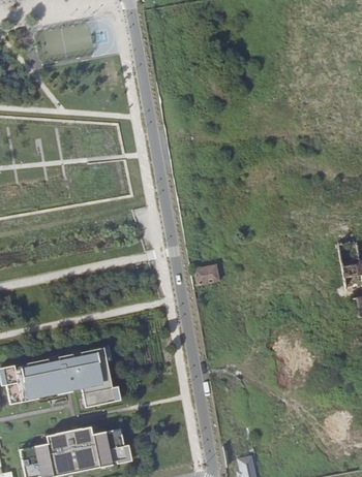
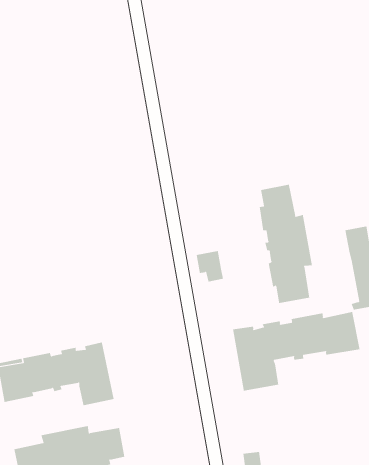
building: none -> [259,184,312,304]
building: none -> [233,311,360,391]

